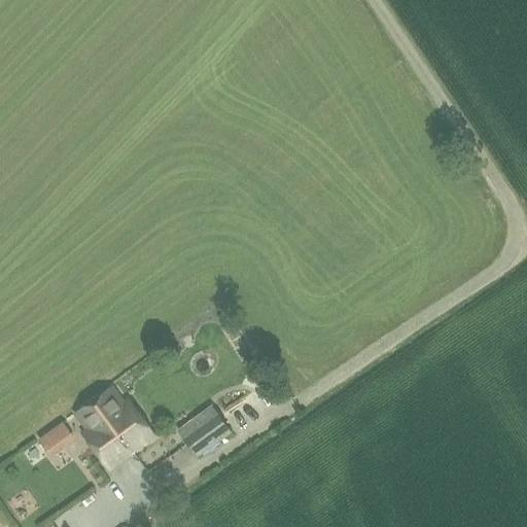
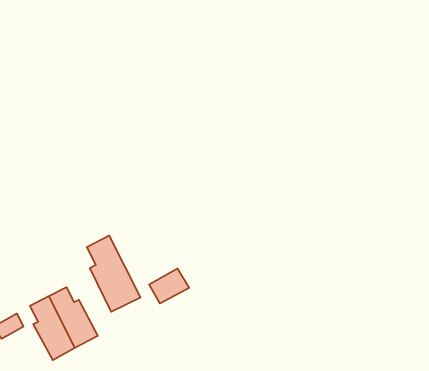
building: none -> [87,236,141,312]
building: [182,412,226,453] -> [149,269,189,304]

